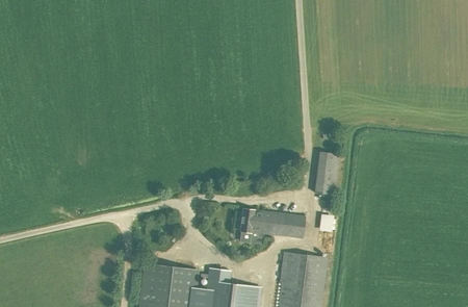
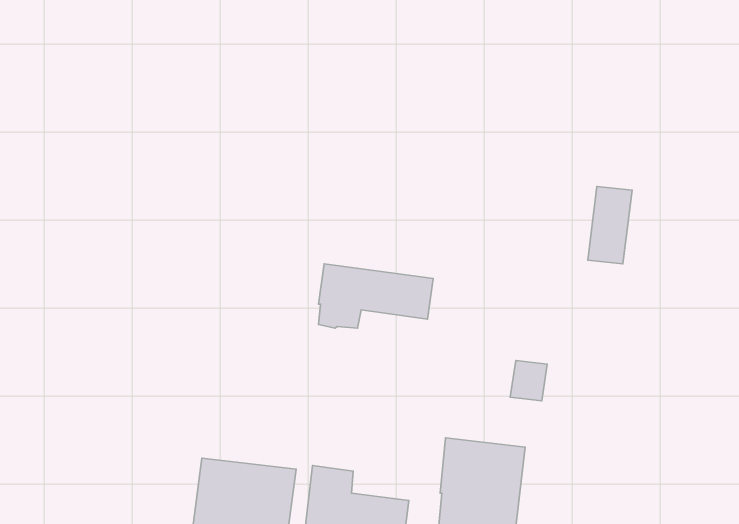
building: [314,151,339,195] -> [588,186,632,264]
building: [240,207,305,244] -> [319,264,433,328]

